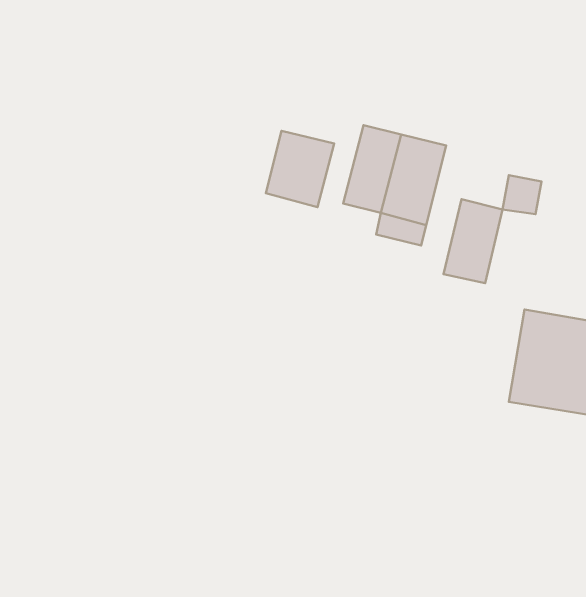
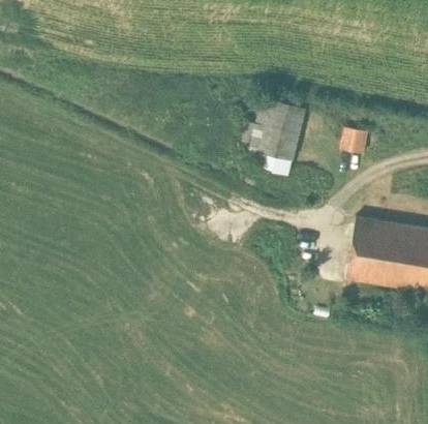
building: [266,131,334,207] -> none
building: [443,199,503,283] -> none

